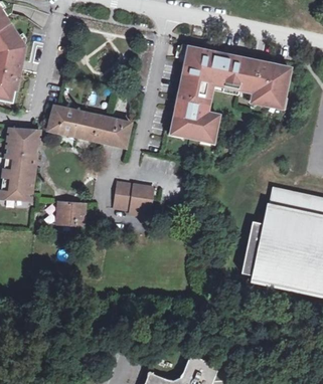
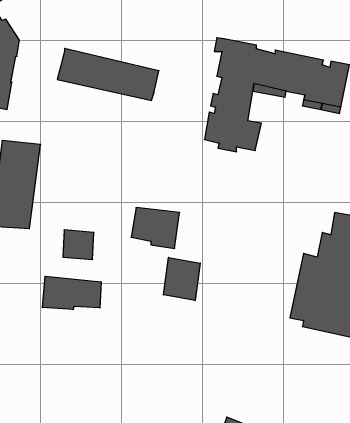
building: [47,106,130,148] -> [57,48,159,100]
building: none -> [163,257,200,301]
building: none -> [42,276,101,310]

